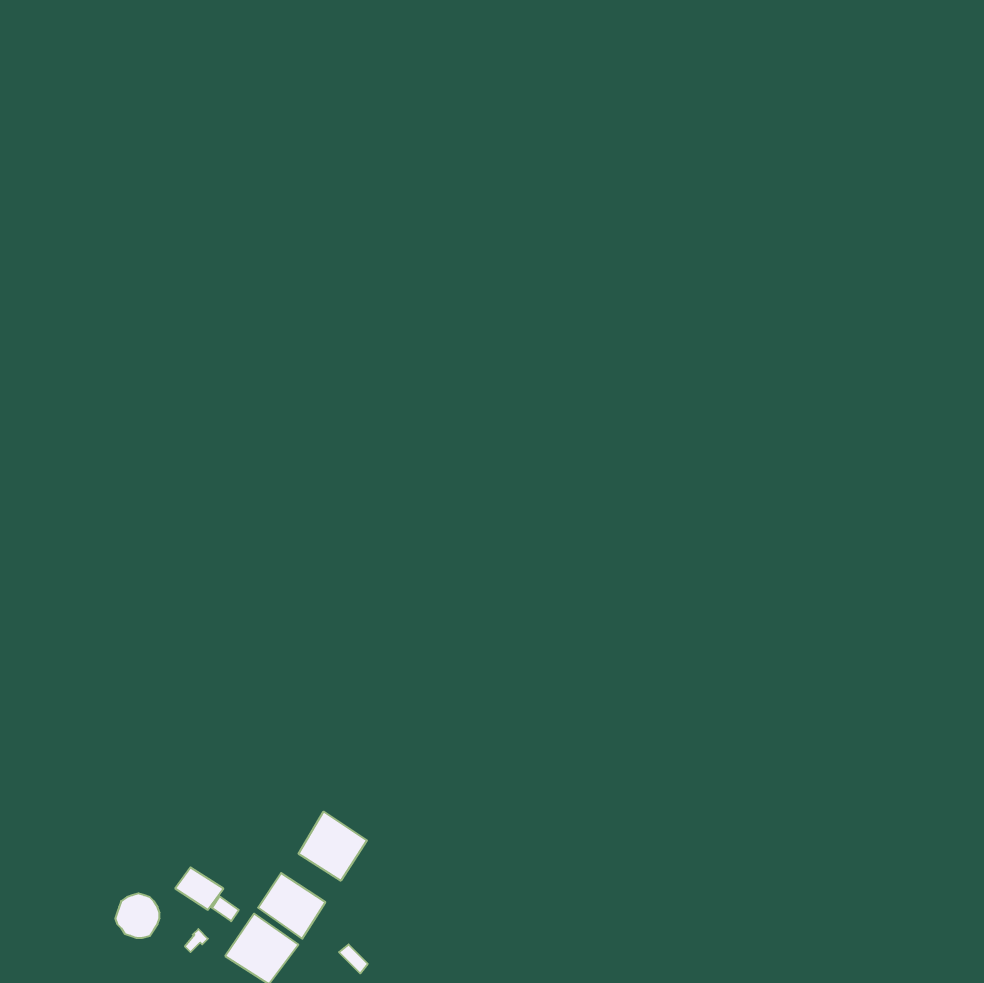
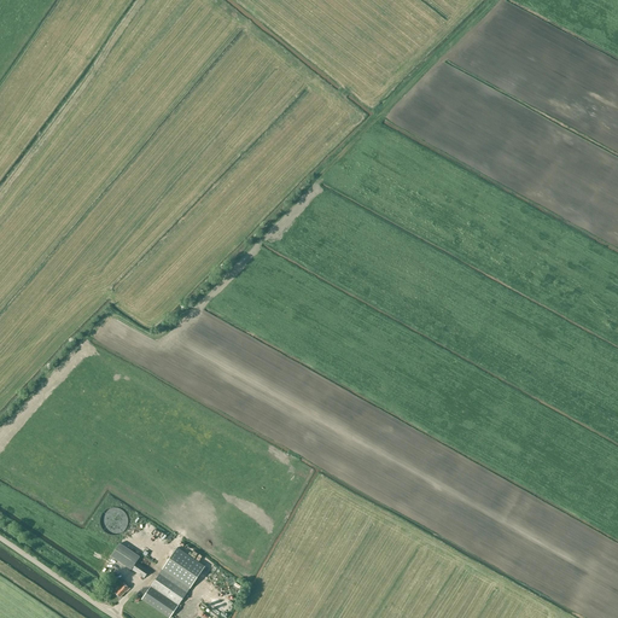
building: [299,812,367,881] -> none
building: [115,893,160,938] -> [100,506,128,534]

